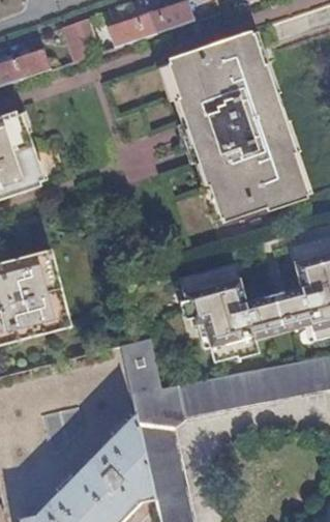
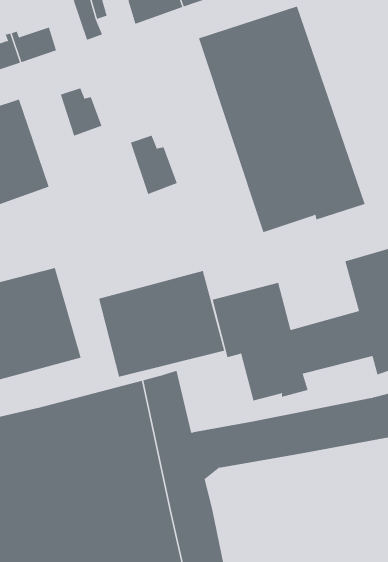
building: none -> [60,87,102,137]
building: none -> [130,135,178,195]
building: none -> [99,270,225,377]

